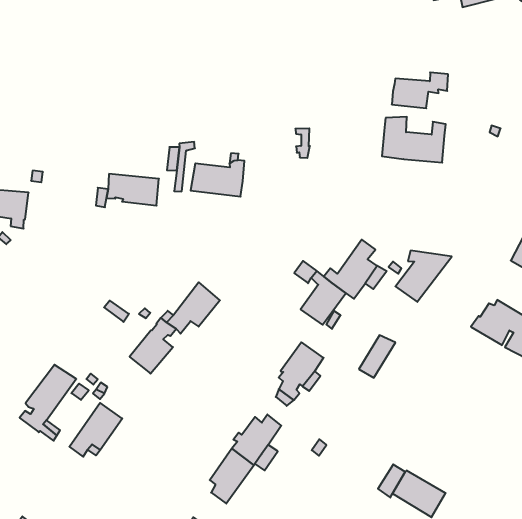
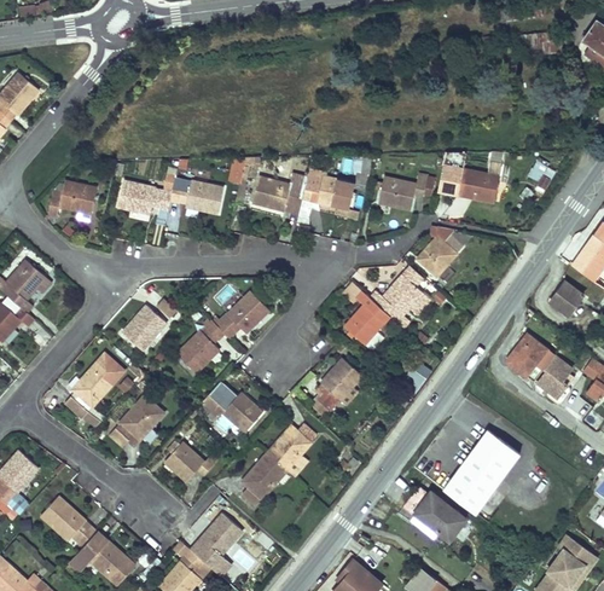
building: [392,72,448,108] -> [378,175,435,209]
building: none -> [303,169,355,209]
building: none -> [120,182,157,215]
building: [395,251,452,302] -> [417,225,474,274]
building: none -> [123,306,167,350]
building: none -> [198,390,262,431]
building: none -> [441,428,518,512]
building: none -> [164,442,216,482]

